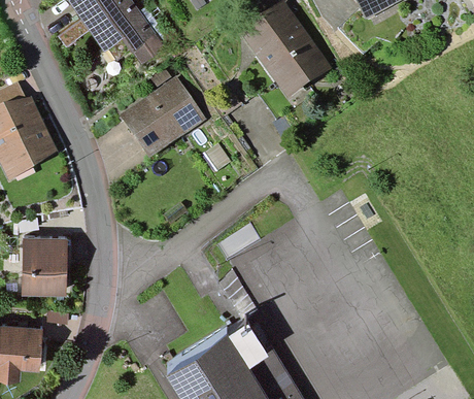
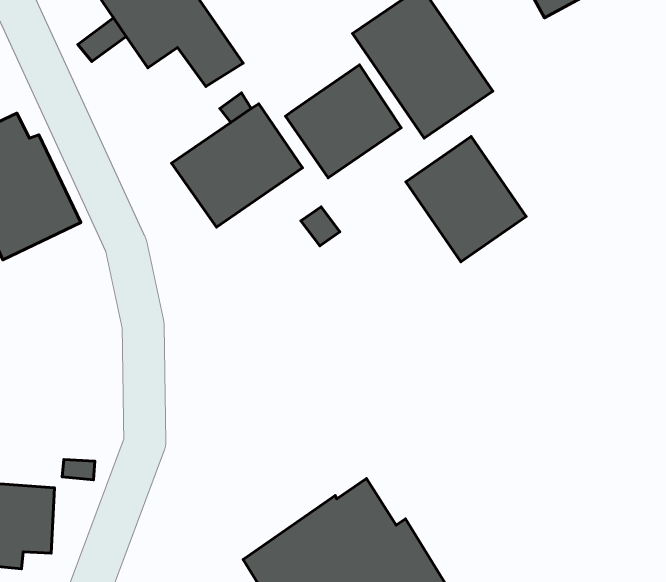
building: none -> [286,65,401,178]
building: none -> [406,137,526,262]
building: [21,238,67,297] -> none

